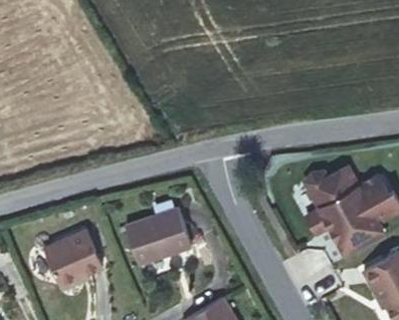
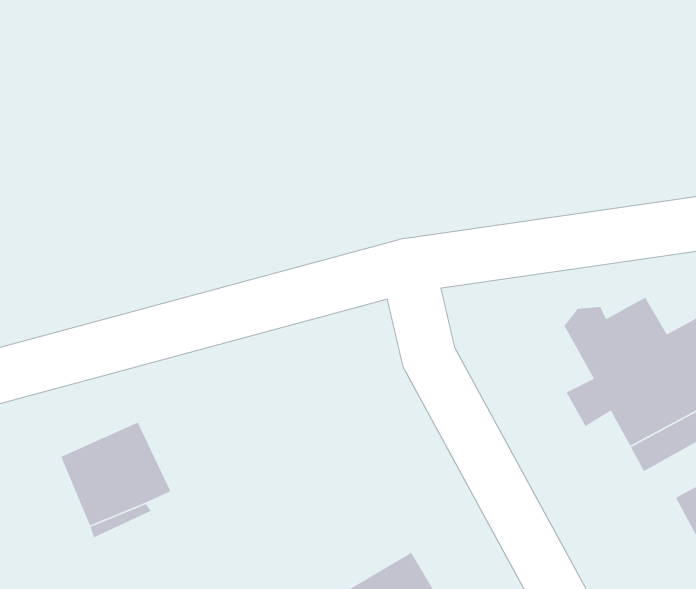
building: [126,204,186,256] -> none

